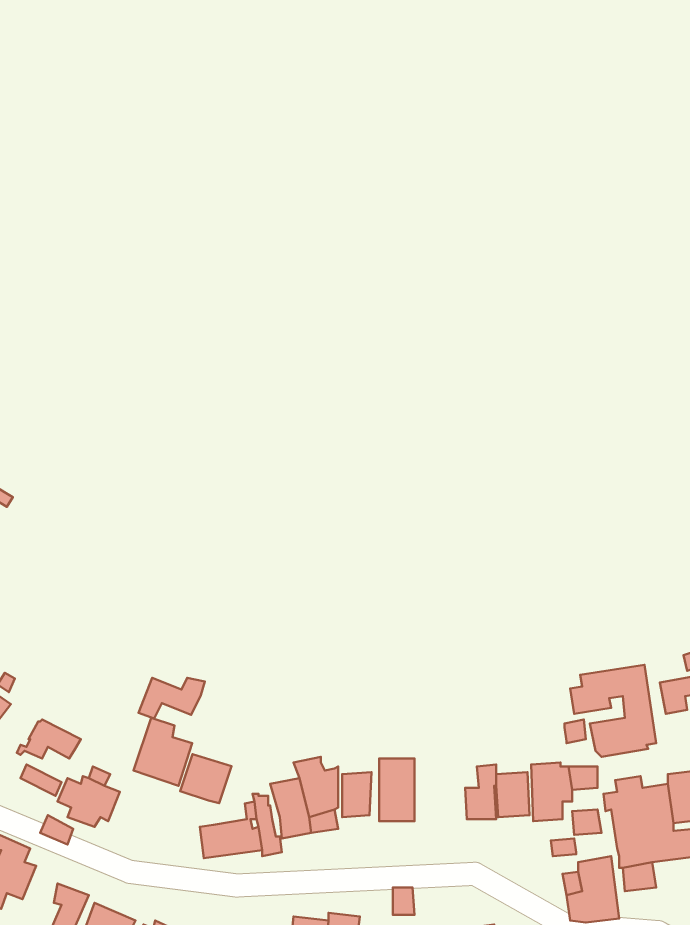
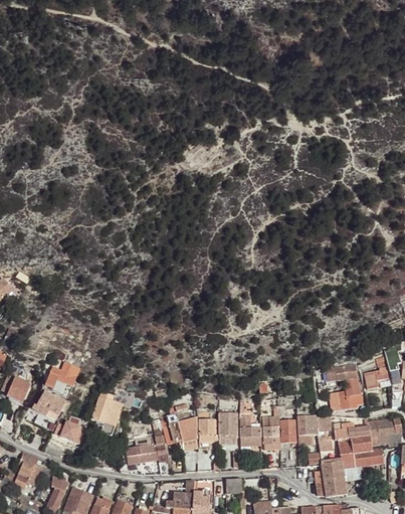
building: [139,678,205,719] -> [44,367,78,388]
building: [180,754,231,803] -> none
building: none -> [239,413,260,447]

